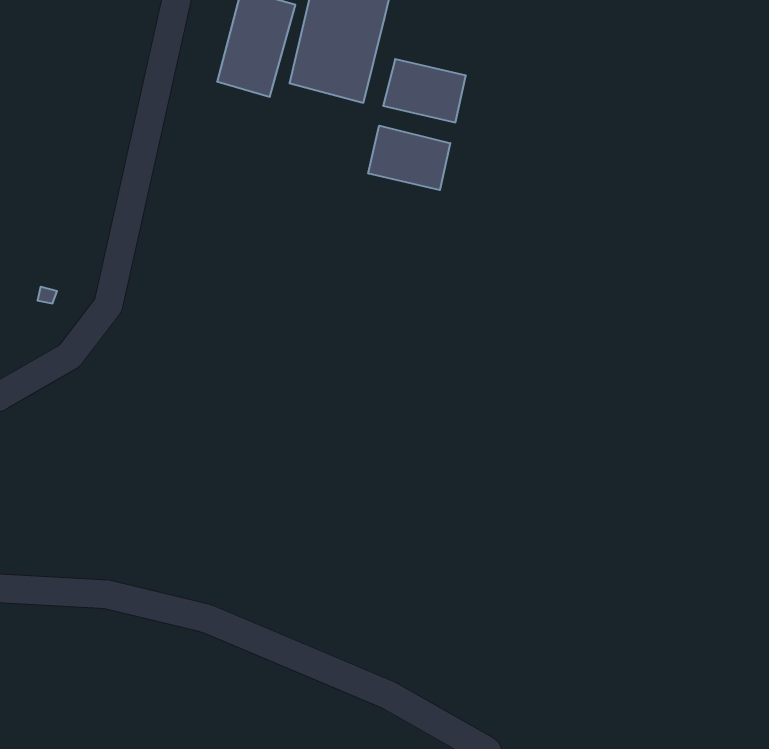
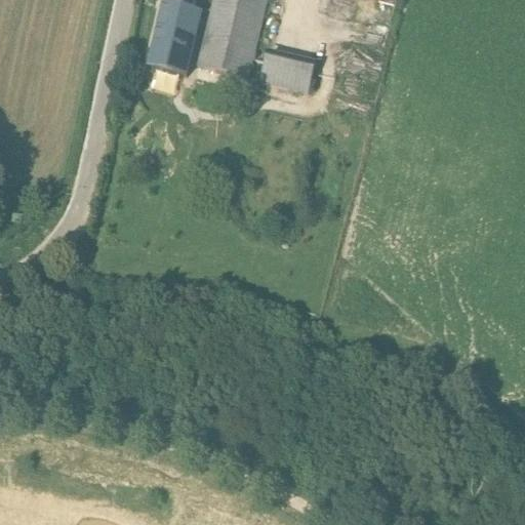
building: [368,126,450,190] -> none

